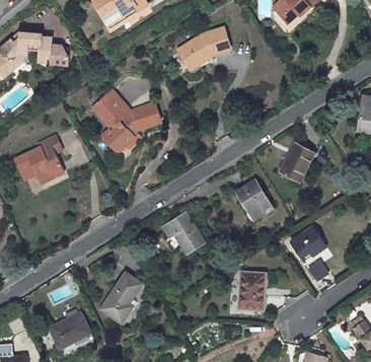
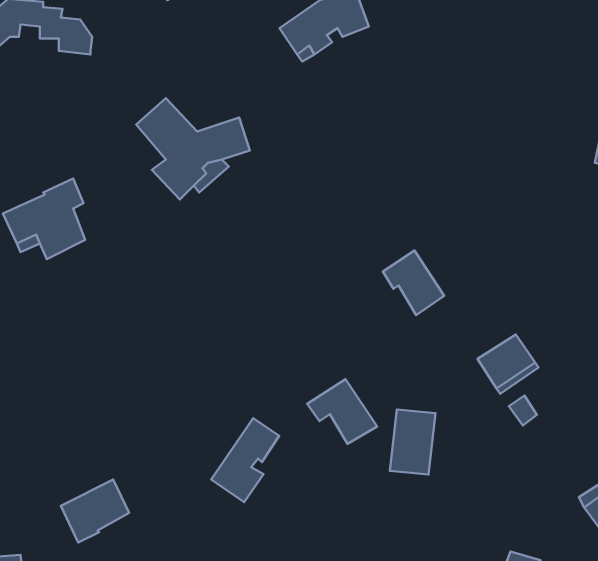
building: [281,142,315,180] -> none
building: [162,213,203,250] -> [307,379,377,444]
building: [101,273,141,321] -> [211,418,279,502]

